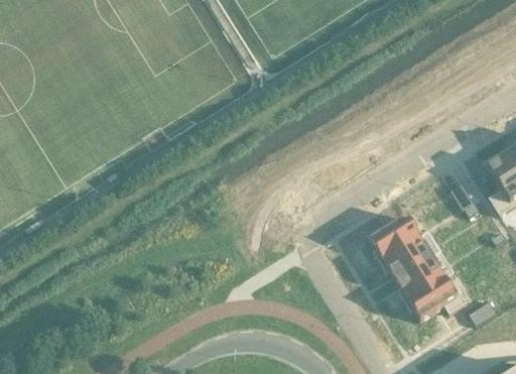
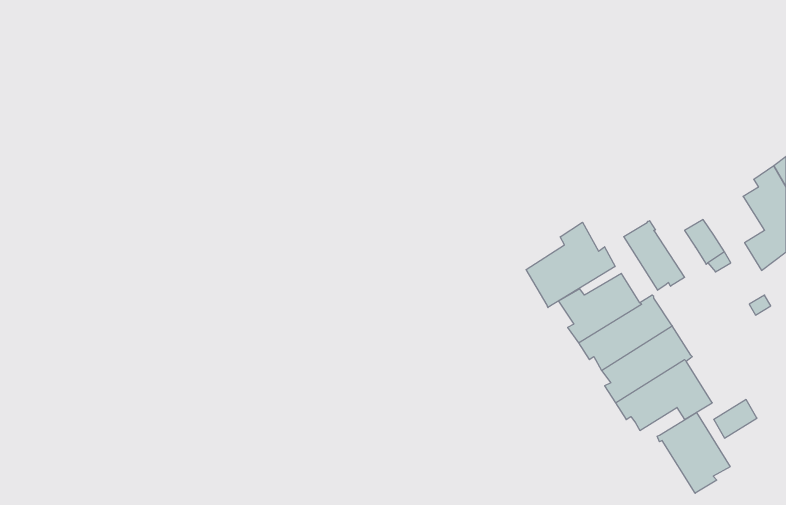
building: none -> [624,221,685,290]
building: none -> [526,222,615,308]
building: none -> [657,412,730,493]

